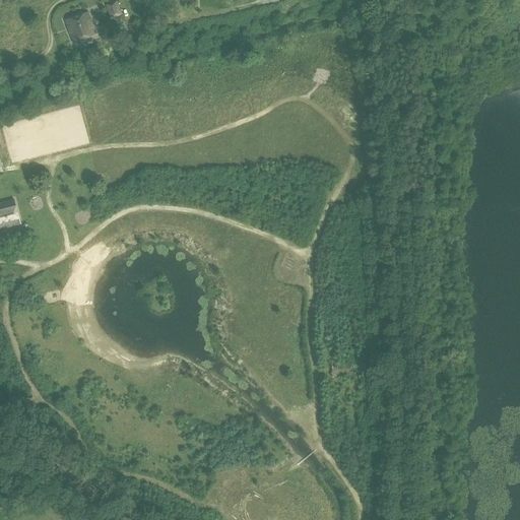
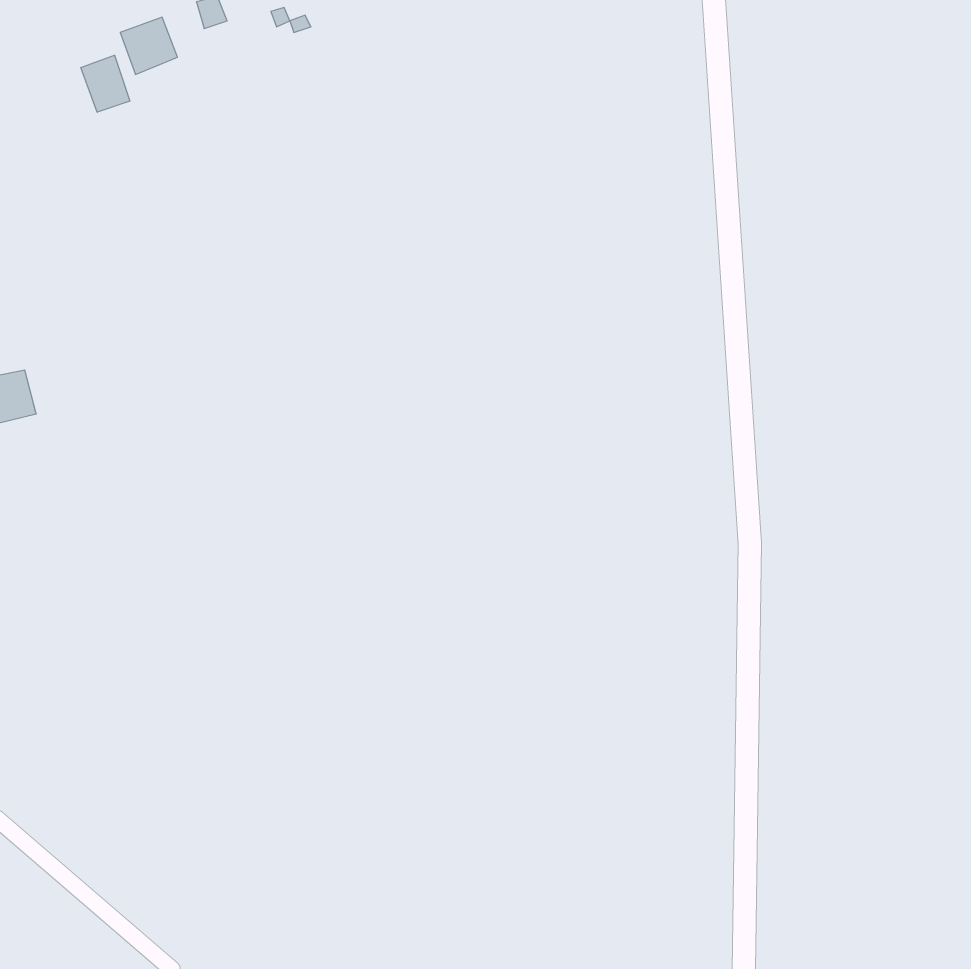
building: none -> [81,55,130,112]

